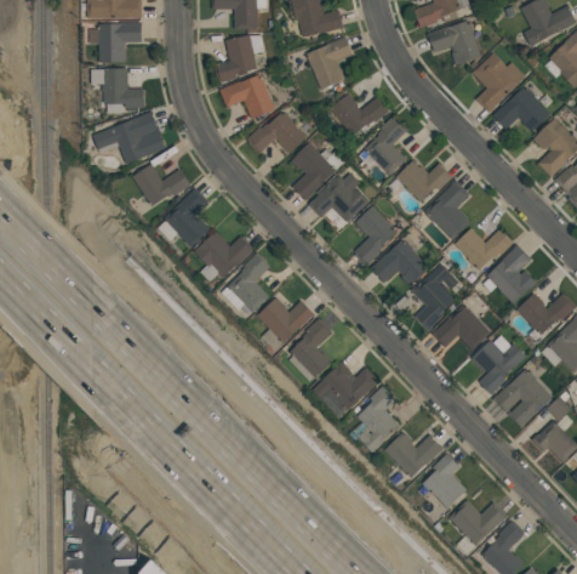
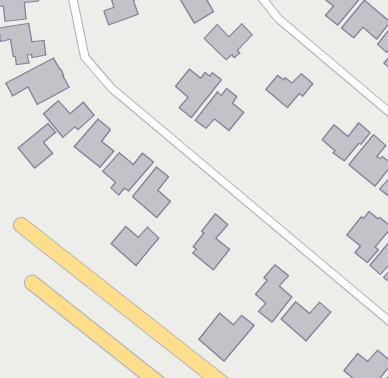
building: [219,74,274,118] -> none
building: [246,112,308,154] -> none
building: [367,115,406,175] -> none
building: [424,180,470,239] -> none
building: none -> [18,123,56,168]
building: [353,206,396,266] -> none
building: [372,239,429,283] -> none
building: [412,262,461,331] -> none
building: [257,297,314,345] -> [111,226,159,266]
building: [433,305,492,351] -> none
building: [313,362,379,419] -> [199,313,254,361]
building: [422,454,467,510] -> none

